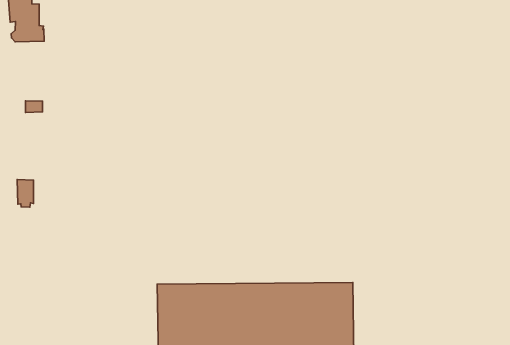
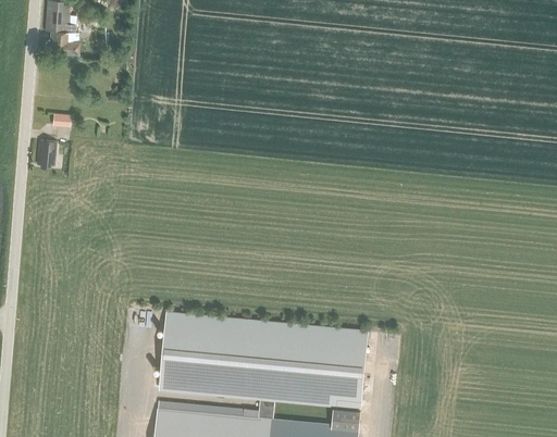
building: [17,180,34,207] -> [36,140,54,170]

